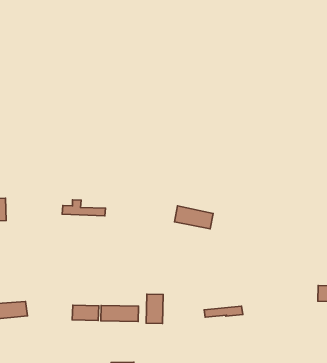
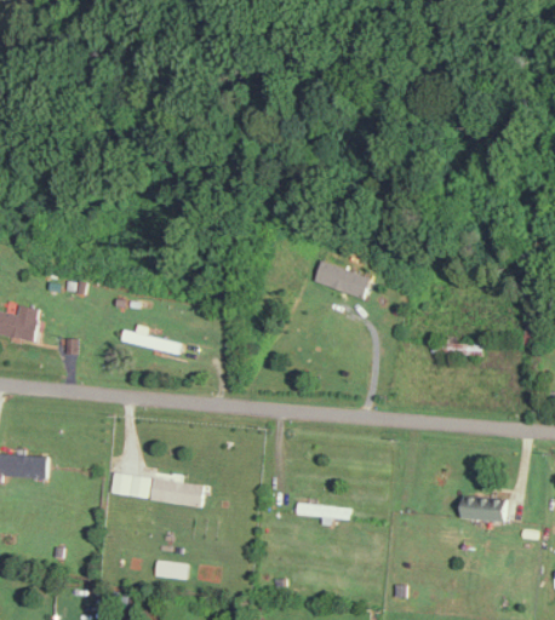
building: [175,206,213,229] -> [315,259,371,298]
building: [146,294,163,323] -> none

